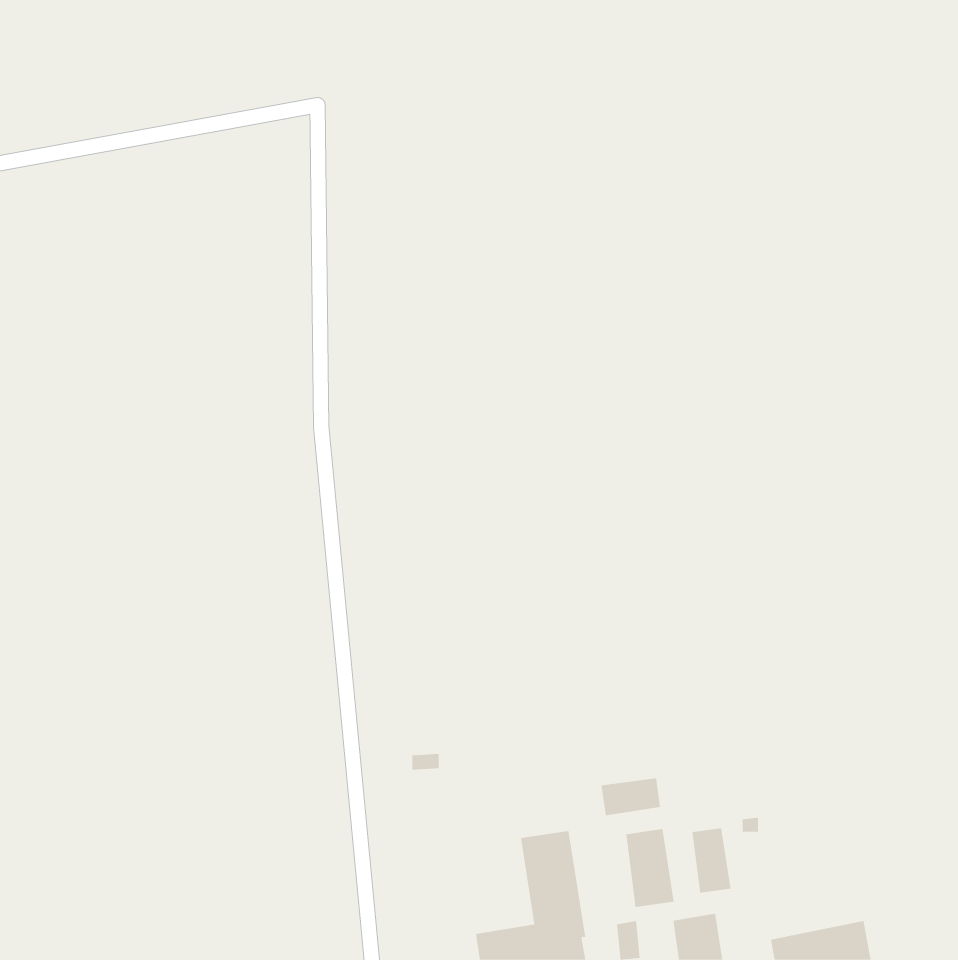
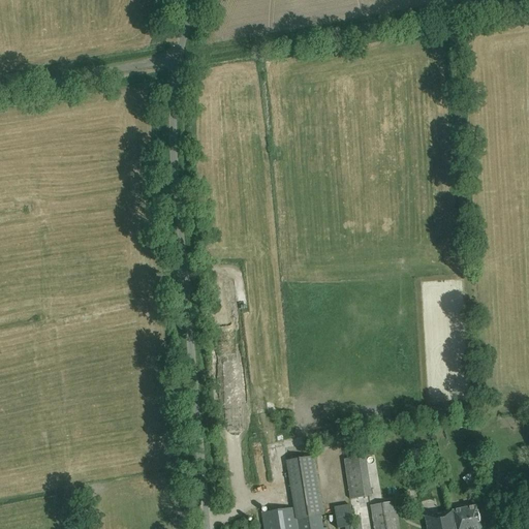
building: [601,777,660,816] -> none
building: [692,827,731,894] -> none

